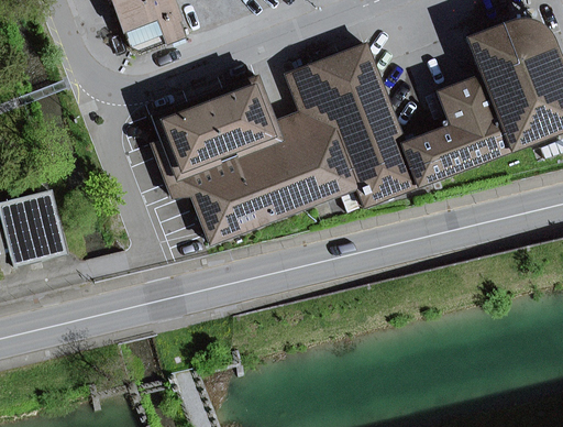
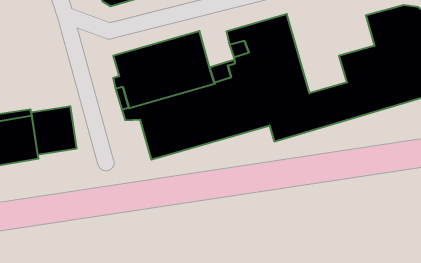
building: none -> [32,106,76,155]

